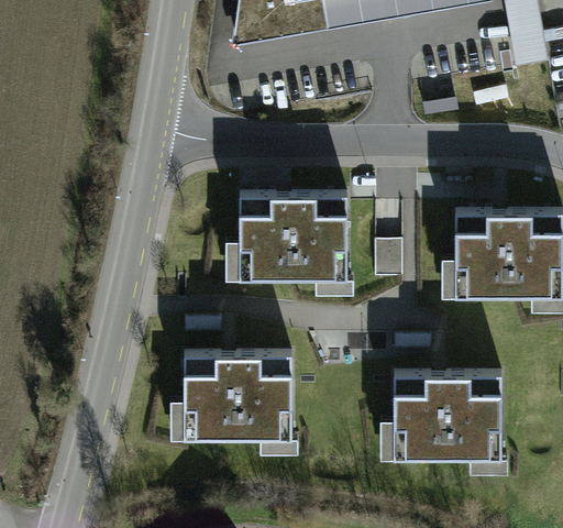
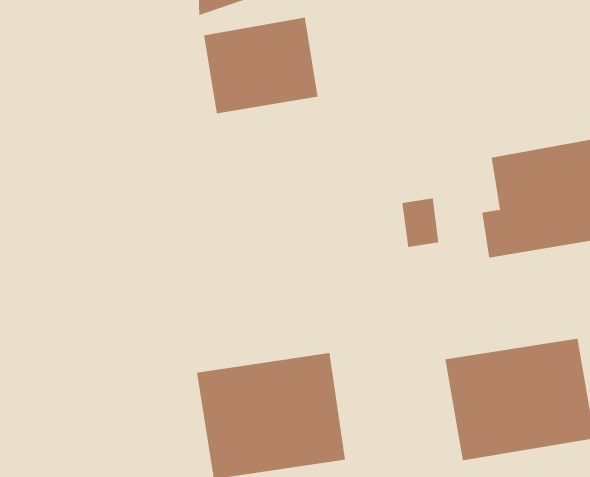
building: none -> [204,17,318,114]
building: [232,195,353,283] -> none

